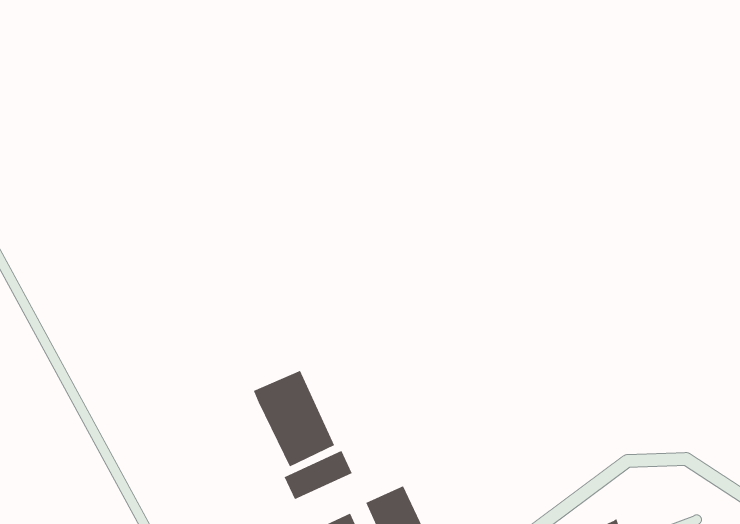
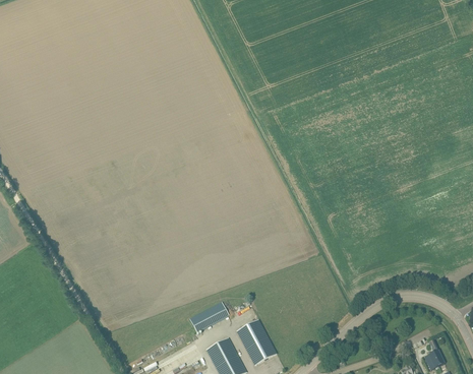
building: [253,370,335,467] -> none

